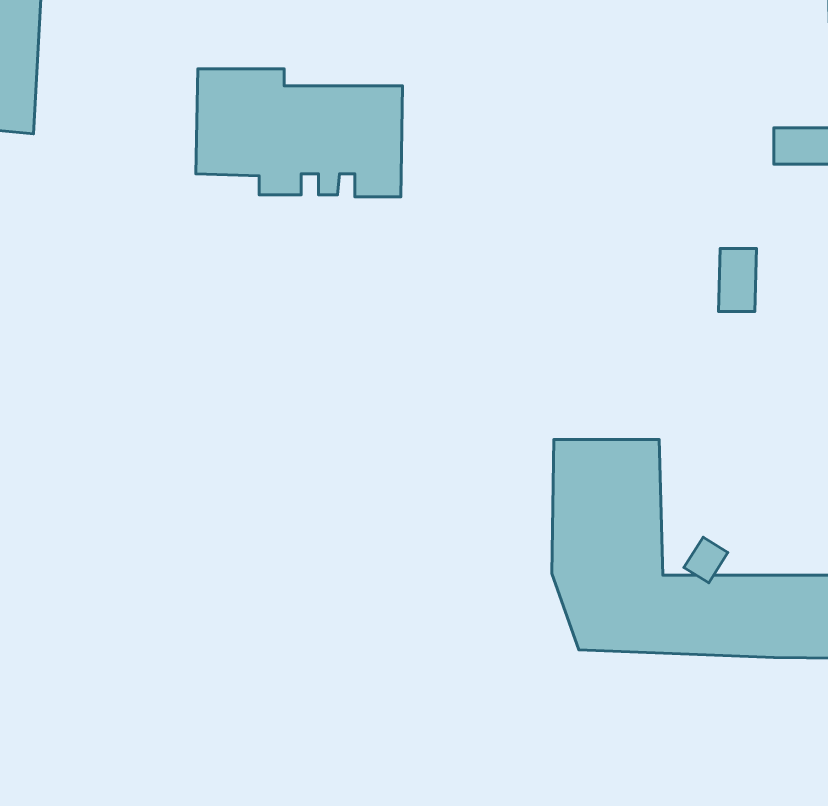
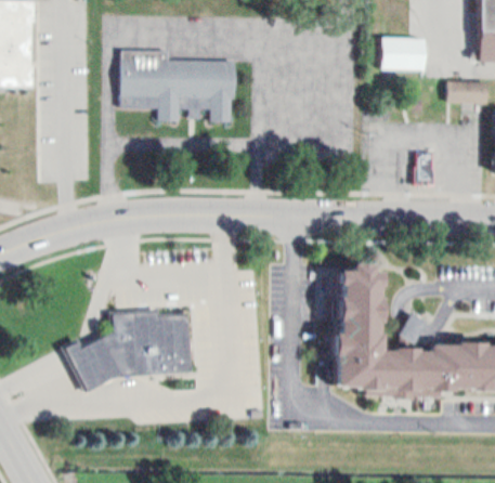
building: none -> [383,37,428,73]
building: none -> [62,313,192,393]

